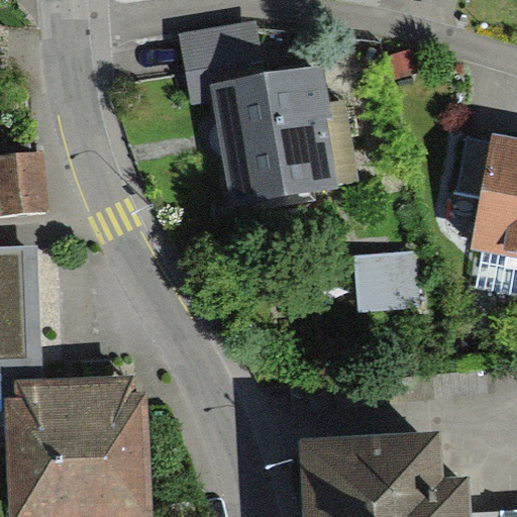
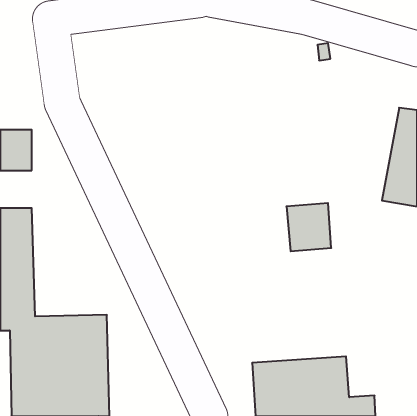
building: [183,30,327,201] -> none

